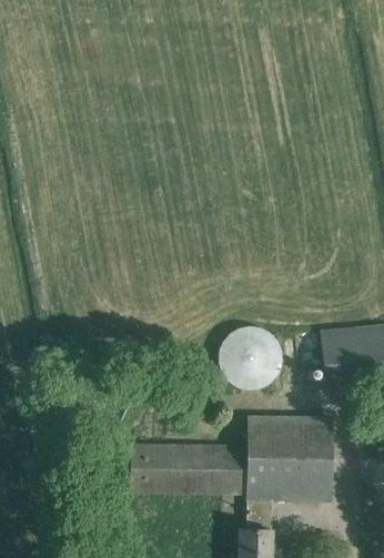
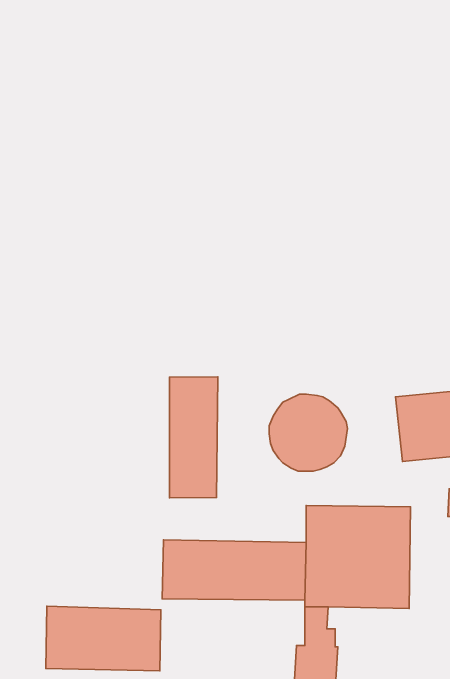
building: none -> [169,377,218,498]
building: none -> [46,606,161,671]

